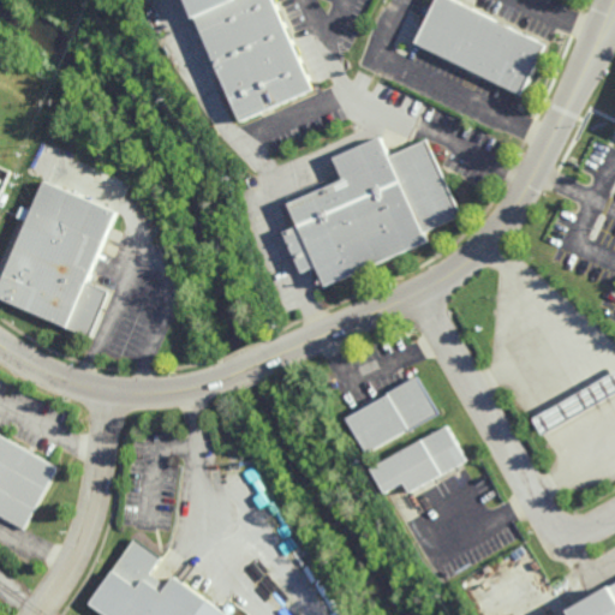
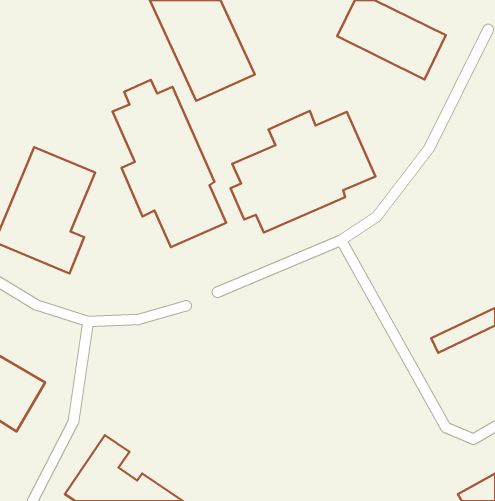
building: none -> [113,80,226,247]
building: [345,377,435,453] -> none
building: [370,423,466,496] -> none

